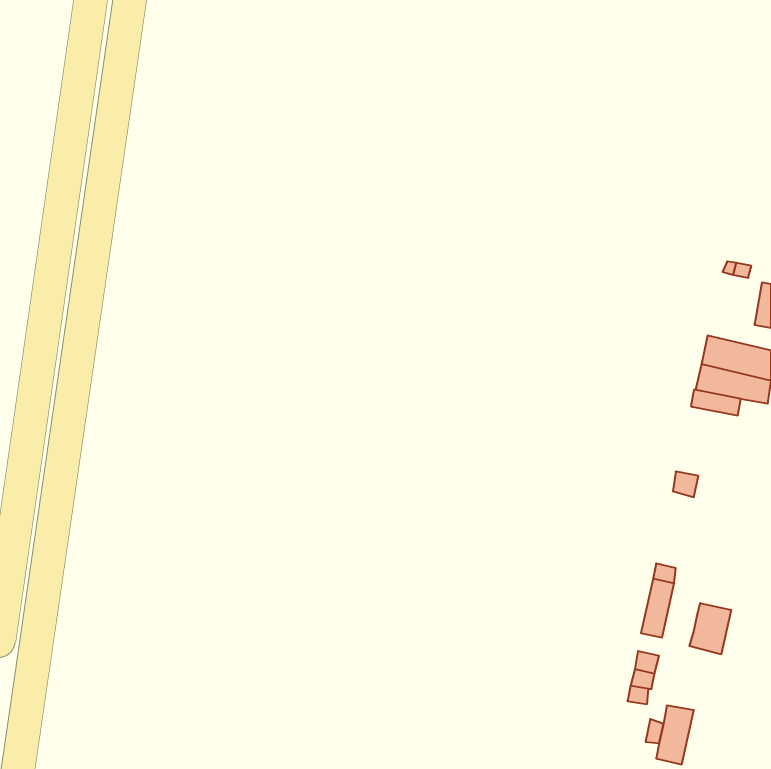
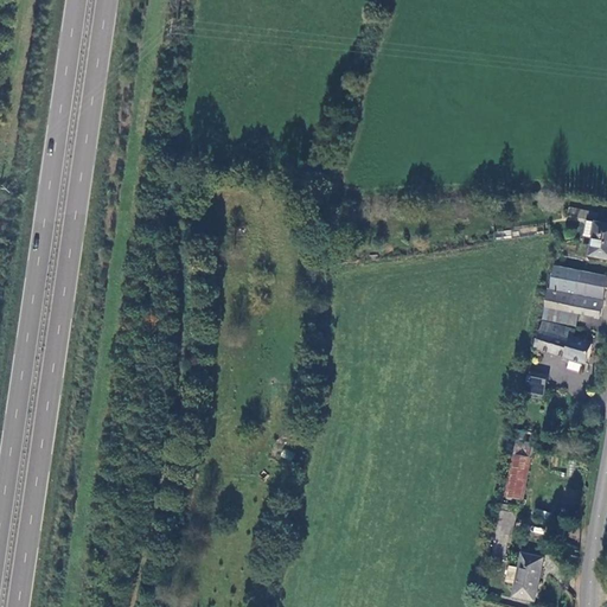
building: none -> [538,326,594,362]
building: [689,603,731,654] -> none

